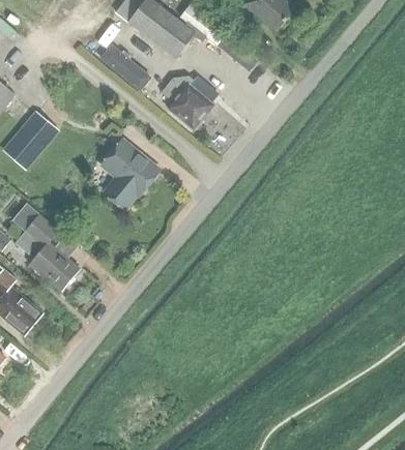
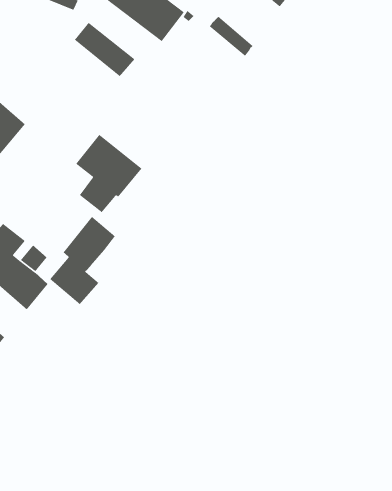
building: [161,78,212,127] -> none
building: none -> [49,216,116,305]

